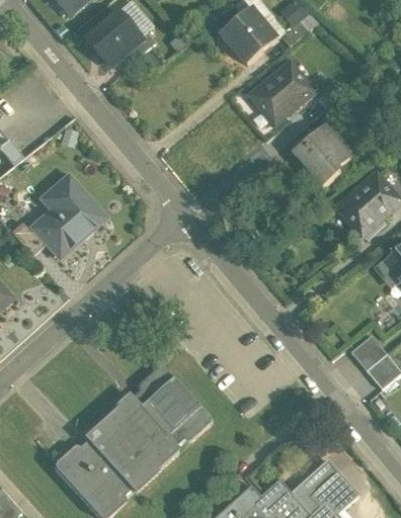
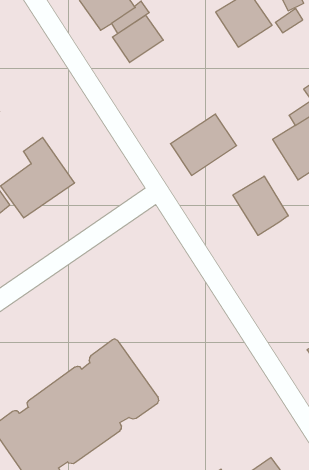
building: none -> [112,15,163,63]
building: [250,63,315,125] -> [170,114,237,175]
building: none -> [233,176,288,235]

